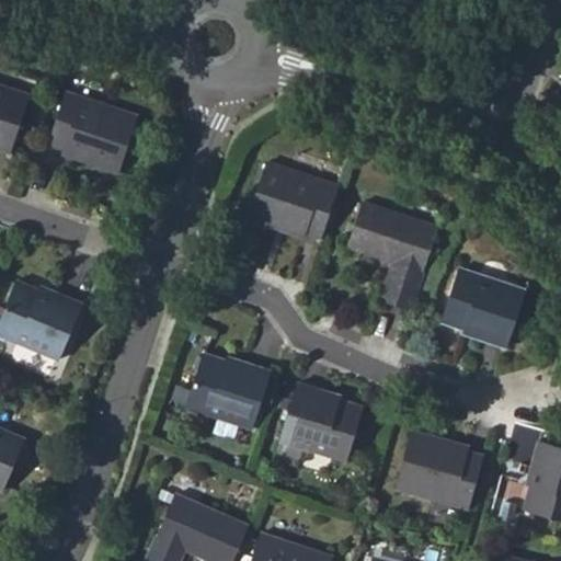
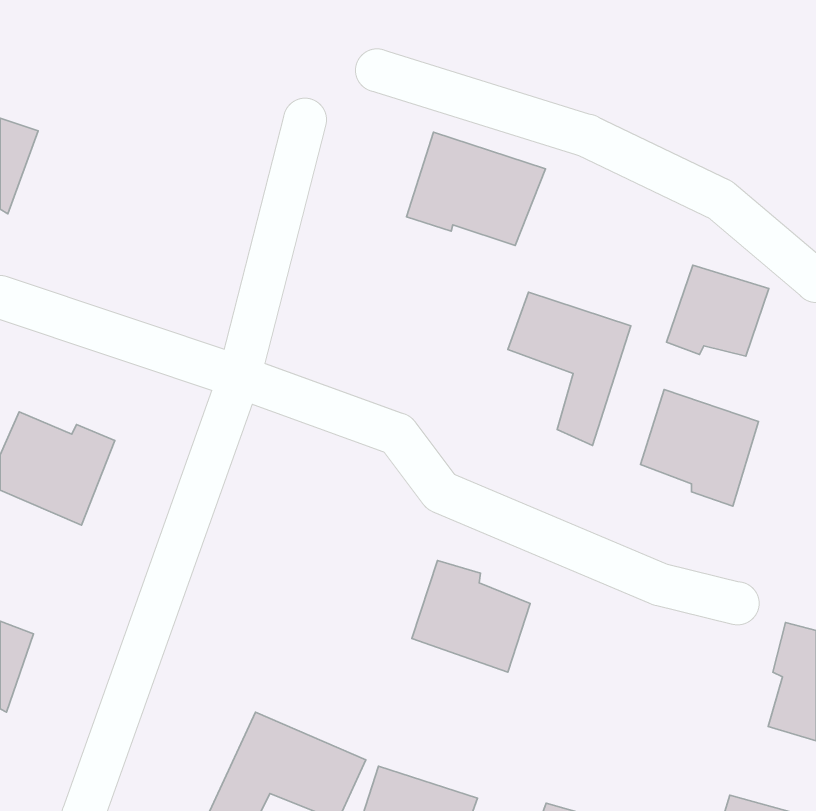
building: [47,88,135,170] -> none
building: [249,159,344,237] -> [406,132,545,246]
building: none -> [667,265,769,356]
building: [182,360,268,432] -> none
building: [396,434,483,510] -> none

